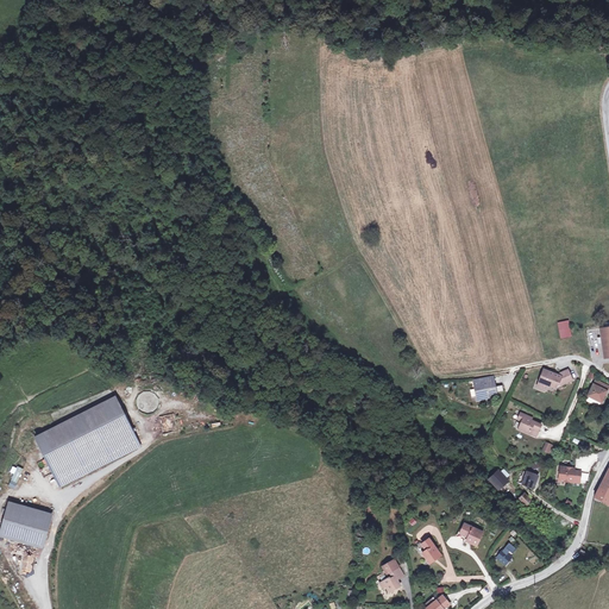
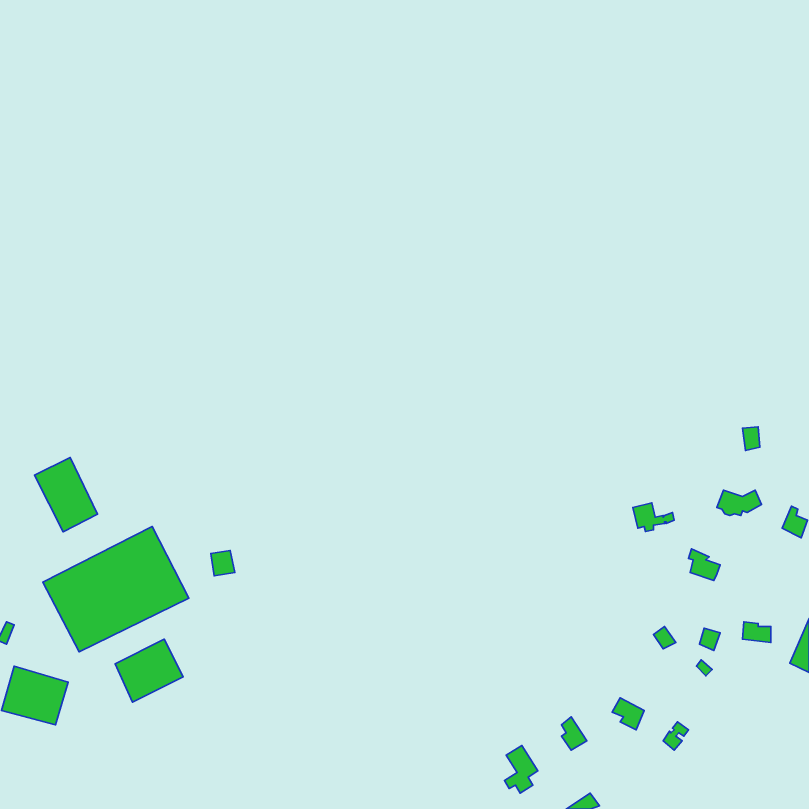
building: none -> [34,457,98,532]
building: none -> [115,639,183,702]

